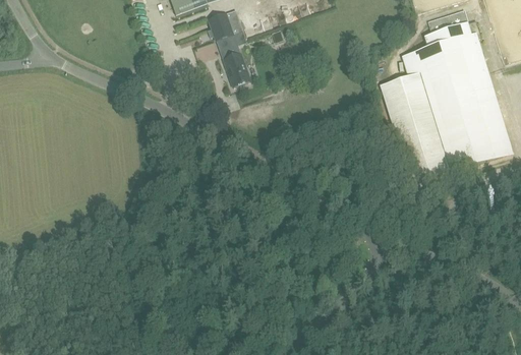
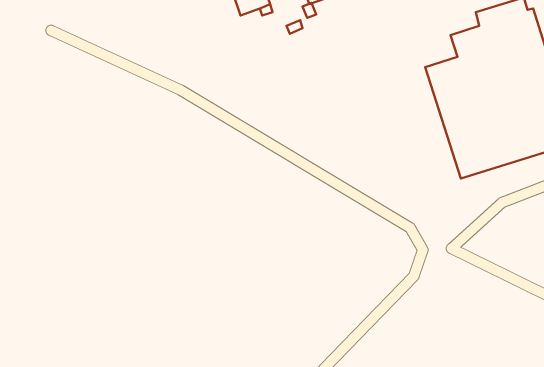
building: [222,44,250,85] -> none

